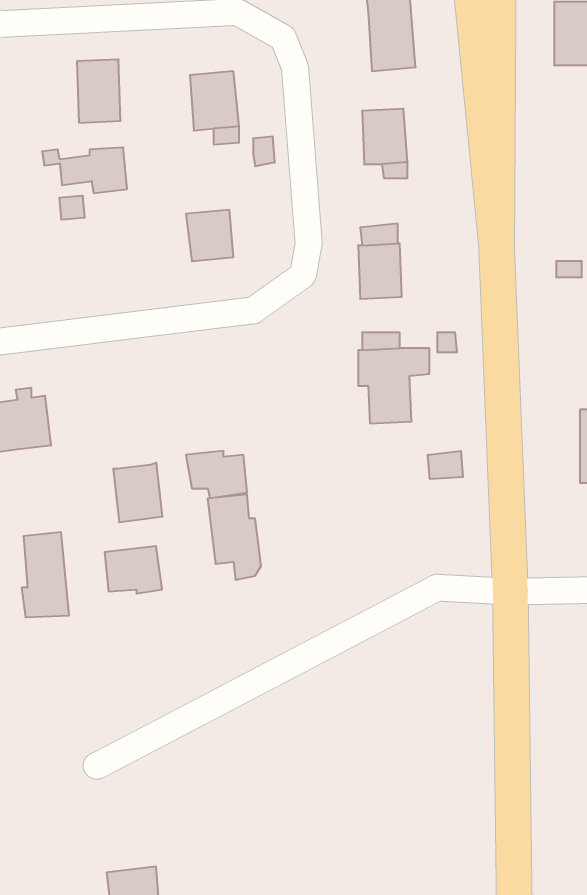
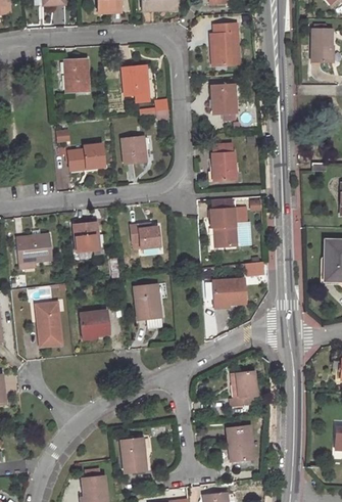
building: [42,148,127,193] -> [59,145,103,169]
building: [186,451,247,498] -> [127,223,158,247]
building: [113,463,163,522] -> [71,221,97,252]
building: none -> [213,279,246,304]
building: none -> [230,371,256,406]
building: none -> [228,424,253,459]
building: none -> [121,439,146,472]

